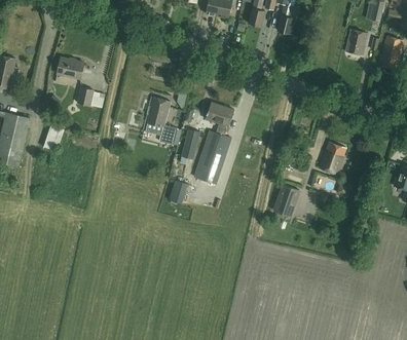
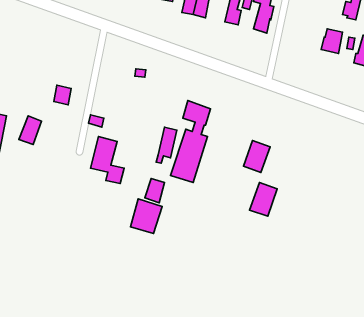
building: [57,56,83,78] -> none
building: [143,97,177,144] -> [90,136,124,183]
building: [319,142,345,174] -> [243,141,270,172]
building: none -> [131,199,162,234]

